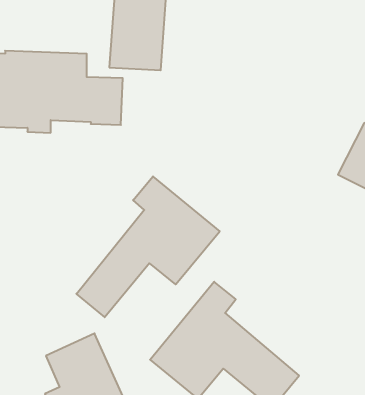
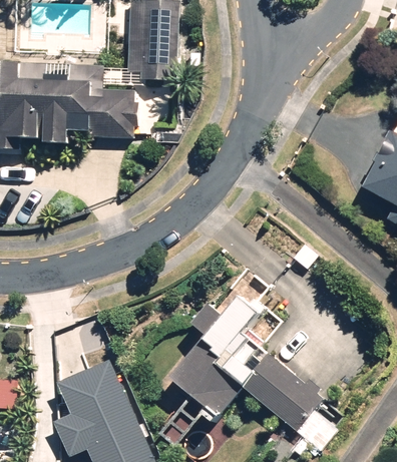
building: [76,176,220,317] -> none

